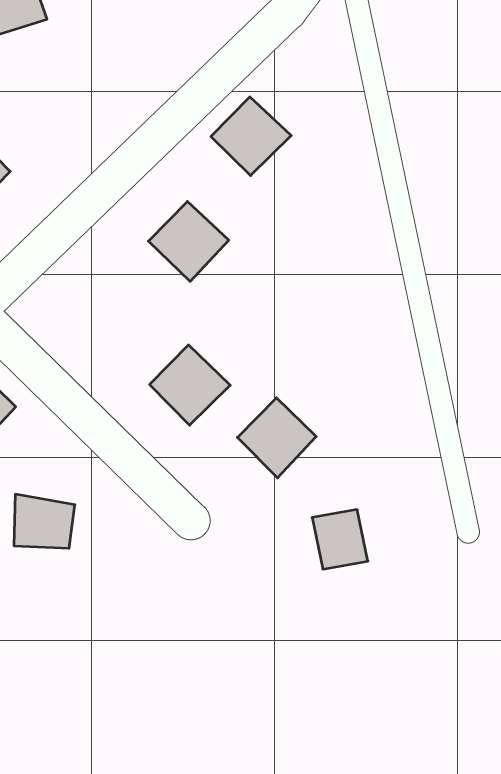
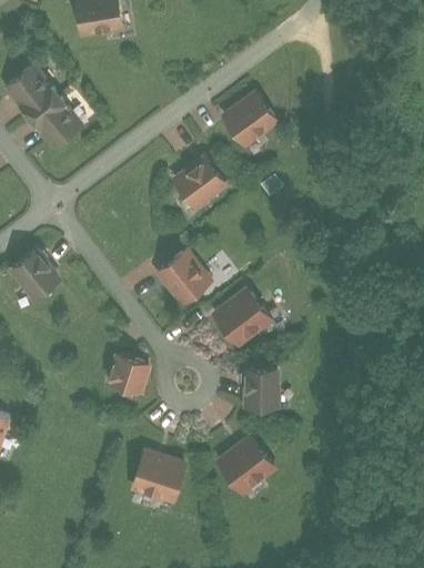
building: [14,494,75,548] -> [105,355,149,395]
building: none -> [212,437,263,489]
building: none -> [127,449,185,503]

